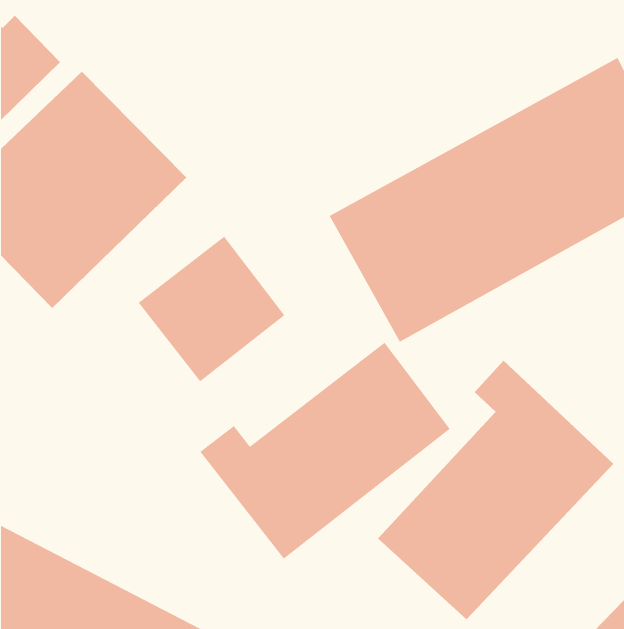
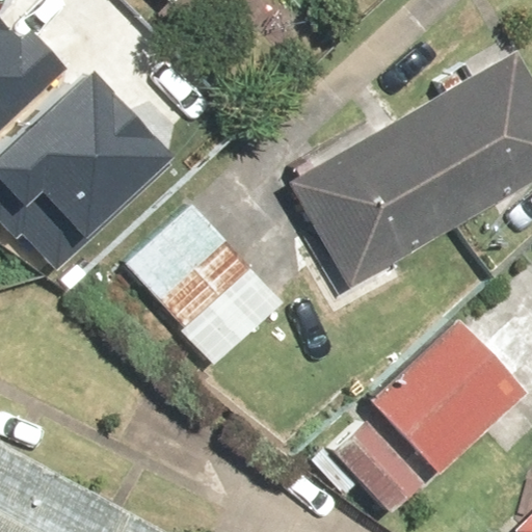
building: [199,342,450,560] -> none

